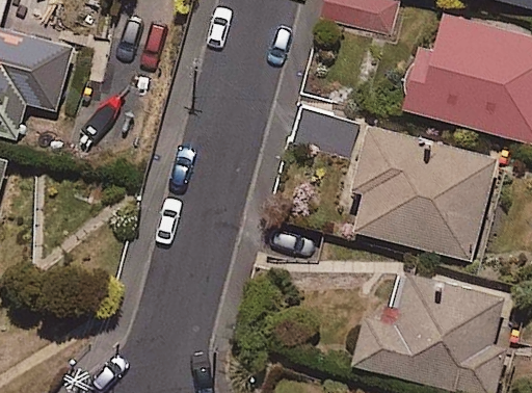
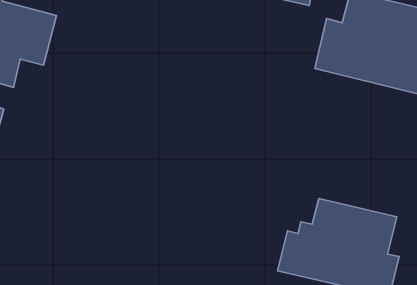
building: [344,122,498,259] -> none

